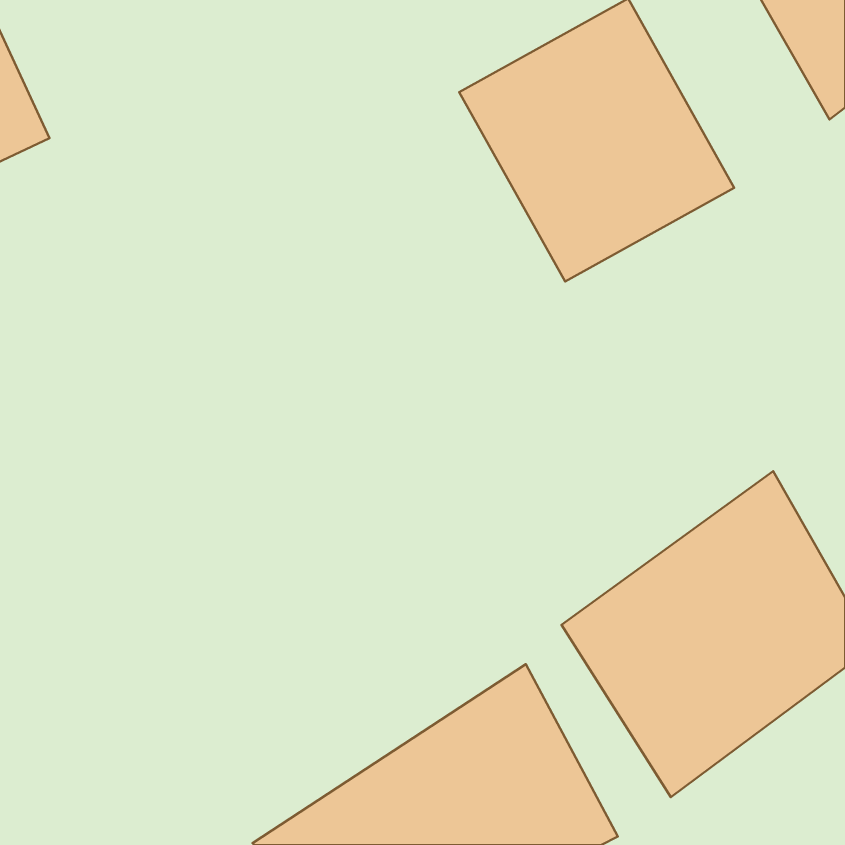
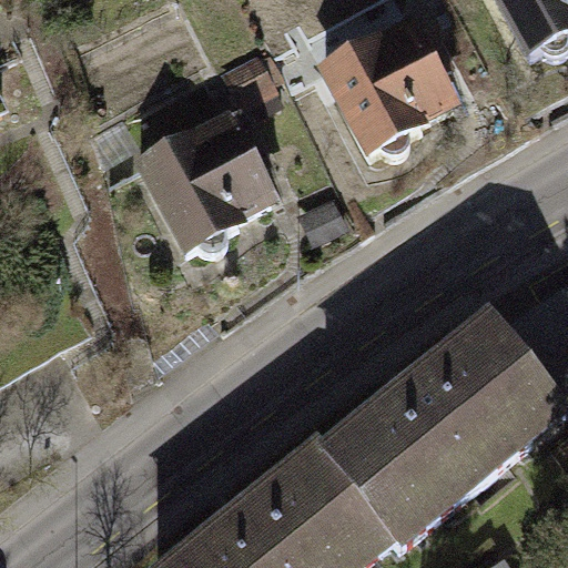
building: none -> [120,93,298,277]

